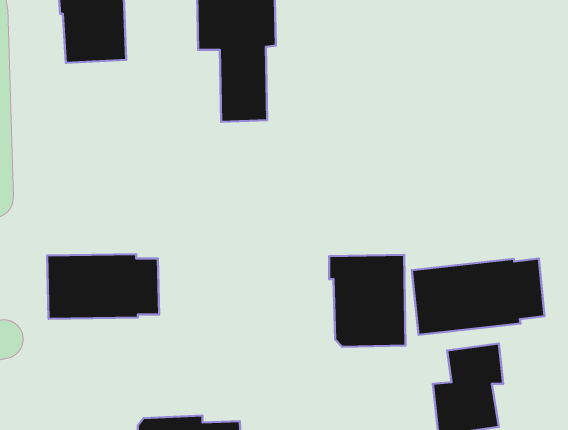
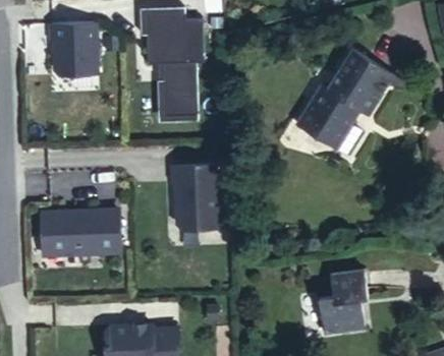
building: none -> [296,53,387,162]
building: [329,255,406,347] -> [172,165,226,230]
building: [412,259,545,335] -> none

